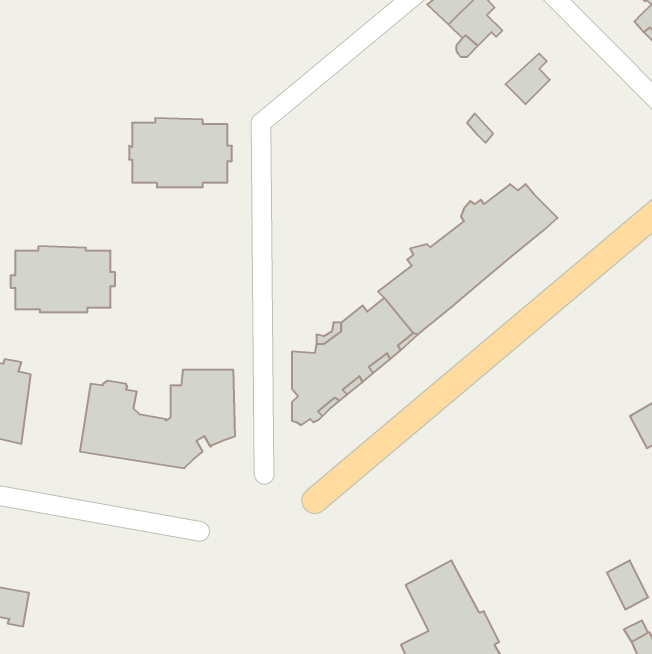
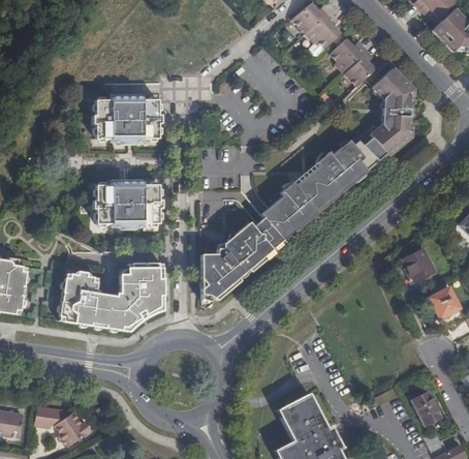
building: none -> [332,36,367,72]
building: none -> [364,68,413,160]
building: [11,246,115,312] -> [91,182,161,226]
building: none -> [401,247,436,282]
building: none -> [34,405,92,447]

